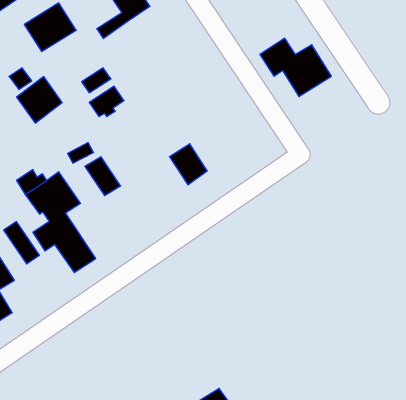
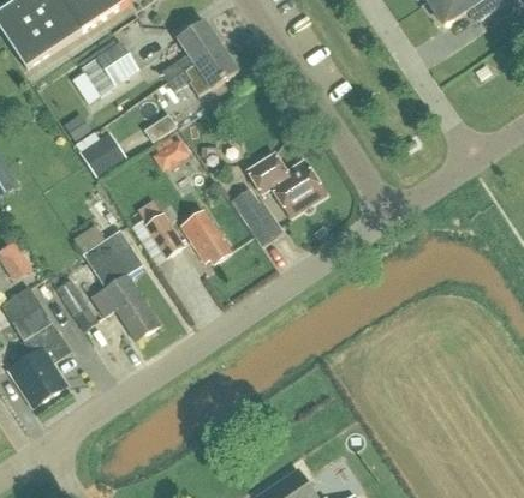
building: none -> [168,46,237,95]
building: [260,38,331,97] -> [244,151,323,216]
building: none -> [180,210,231,263]

